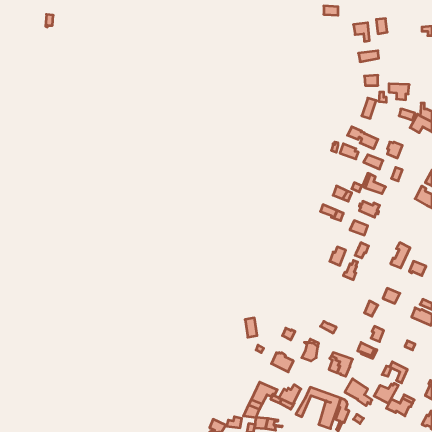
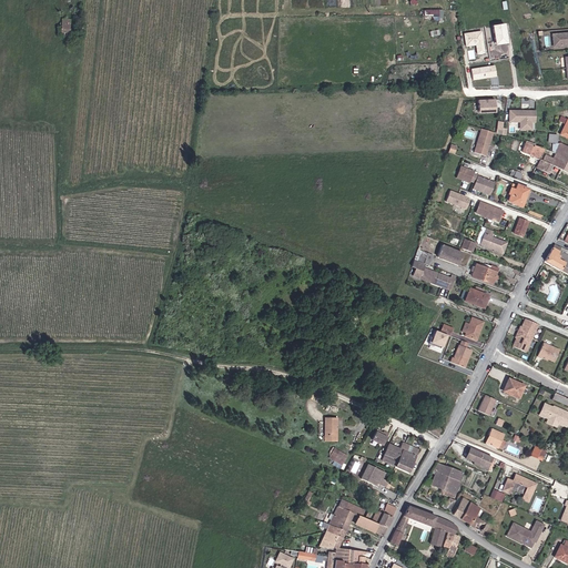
building: [374,383,398,403] -> none

